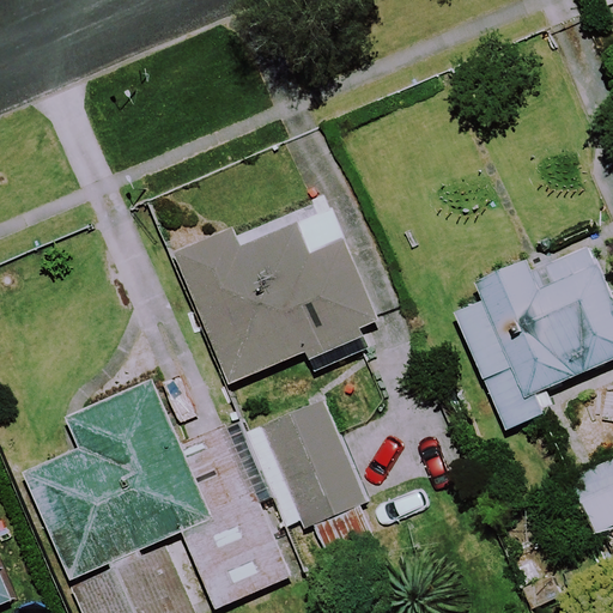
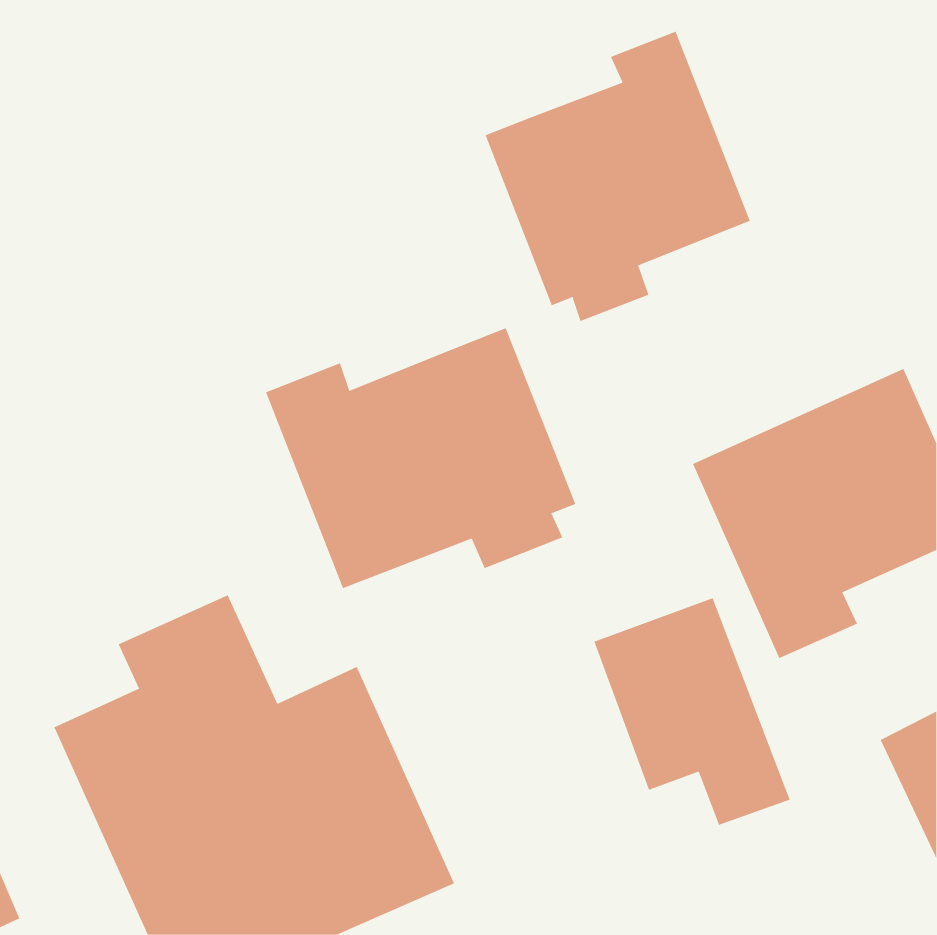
building: none -> [485,31,751,322]
building: [247,399,375,547] -> [593,597,790,826]

